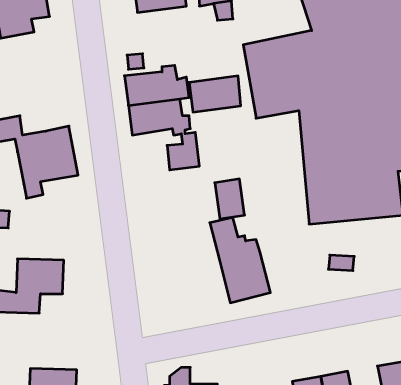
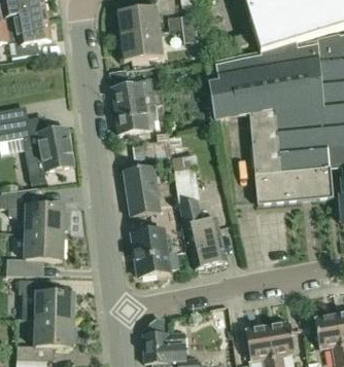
building: [189,76,241,112] -> [121,31,162,60]
building: none -> [124,166,160,216]
building: none -> [25,206,63,233]
building: none -> [132,228,178,276]
building: none -> [19,280,73,321]

